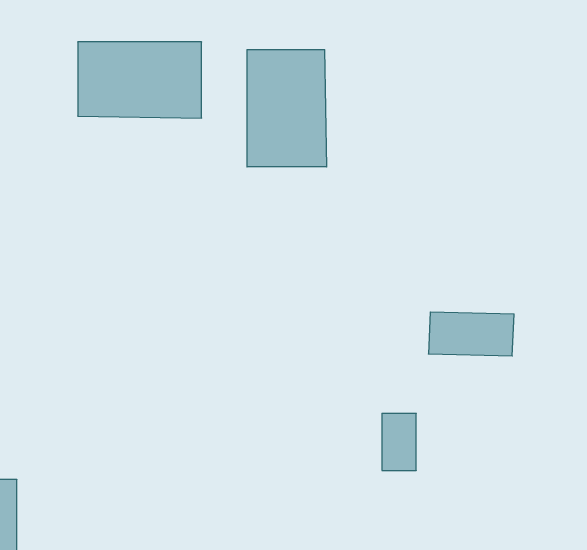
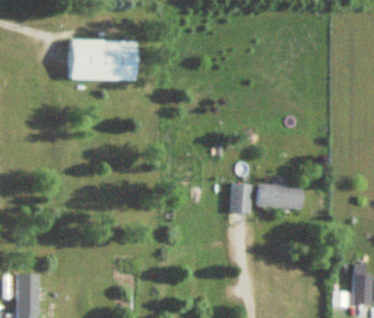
building: [247,50,327,167] -> none
building: [382,413,416,470] -> [232,183,250,213]

